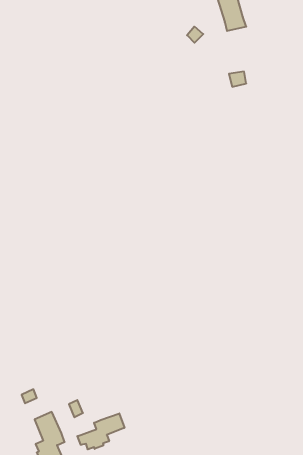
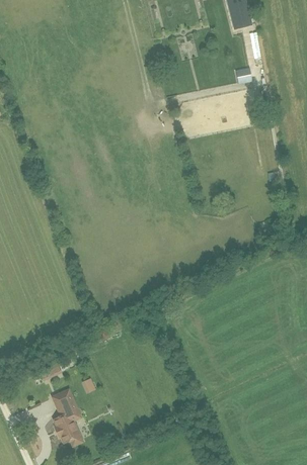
building: [77,413,124,449] -> none

